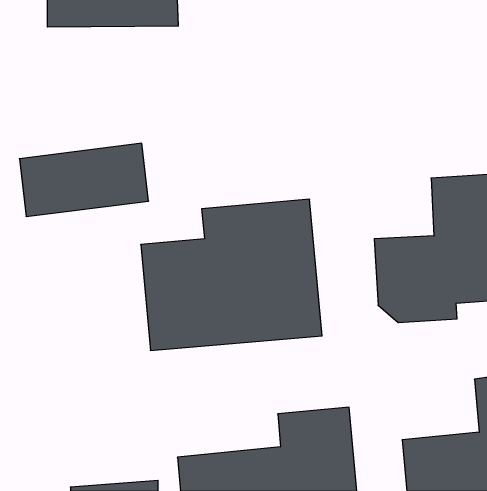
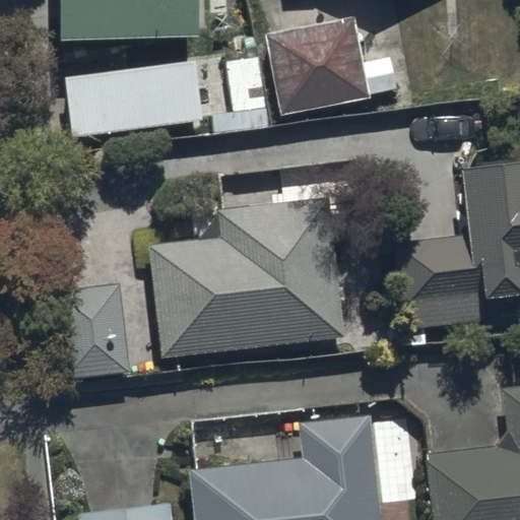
building: none -> [266,10,399,112]
building: [19,143,149,216] -> [63,47,199,124]
building: none -> [59,286,130,389]

